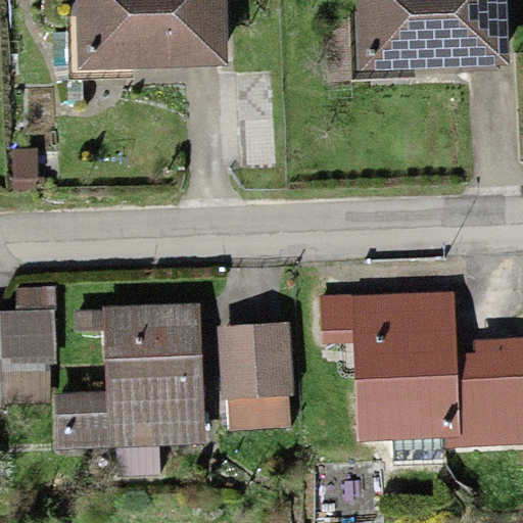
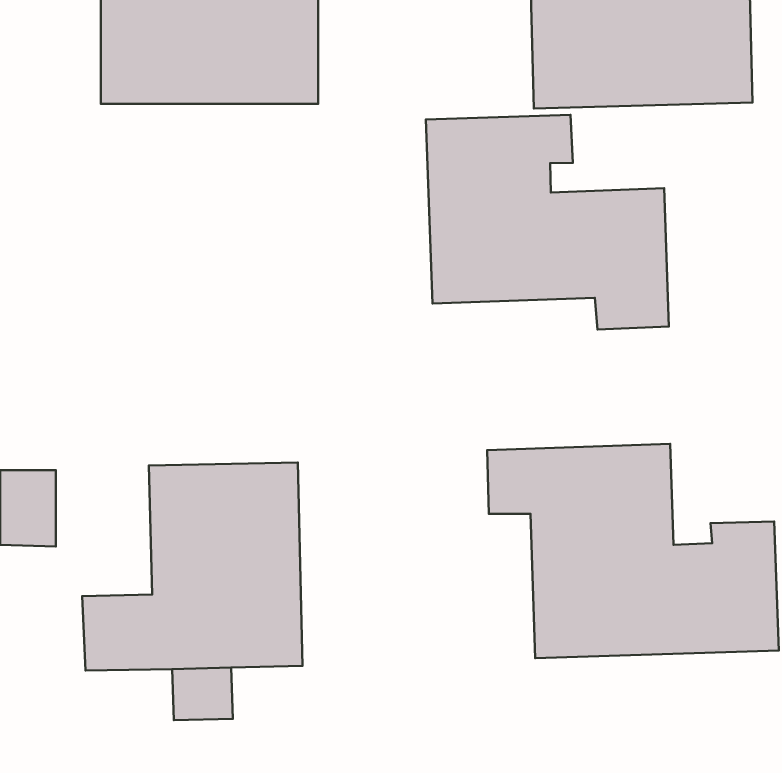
building: none -> [426,115,669,330]
building: [220,325,287,428] -> none

